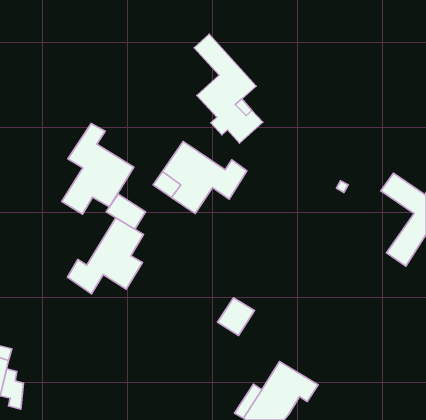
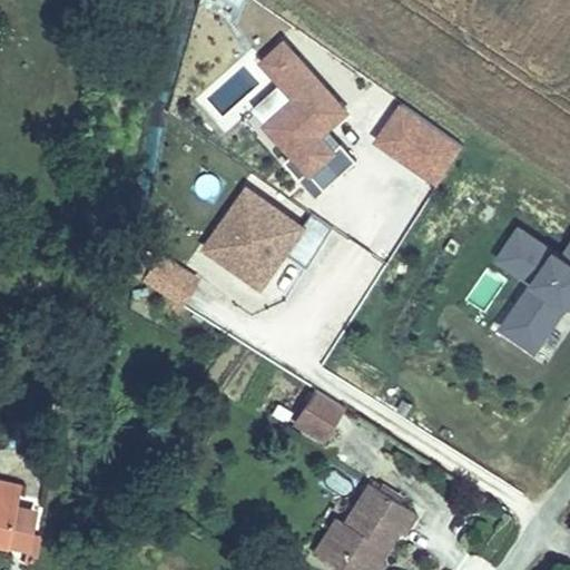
building: none -> [372,106,458,186]
building: [62,124,134,214] -> none
building: none -> [502,254,551,336]
building: [68,218,143,294] -> none

